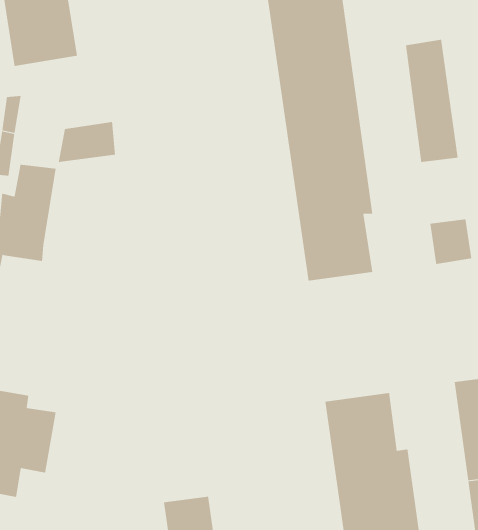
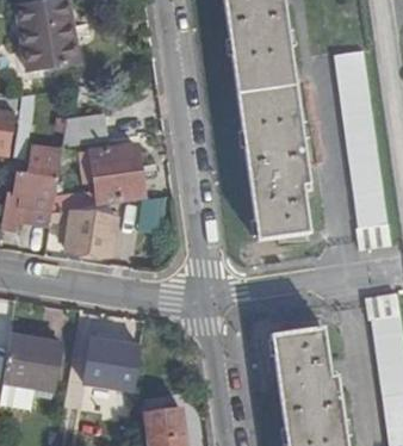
building: none -> [346,143,382,194]
building: none -> [81,144,143,203]
building: none -> [66,210,117,255]
building: none -> [83,339,141,390]

